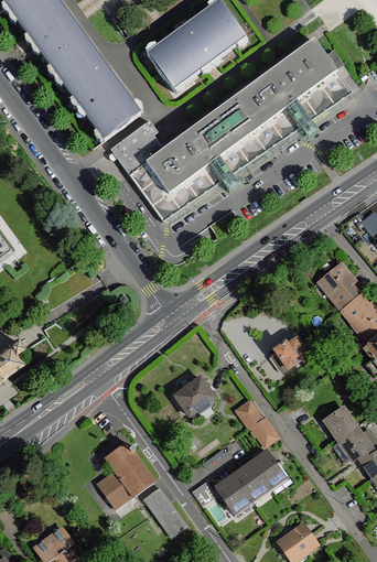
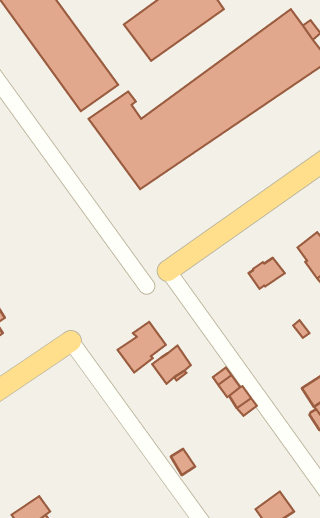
building: [270,338,306,369] -> [249,258,285,289]
building: none -> [117,322,166,373]
building: [95,439,154,506] -> none
building: [214,448,289,516] -> none
building: [143,486,185,536] -> none

